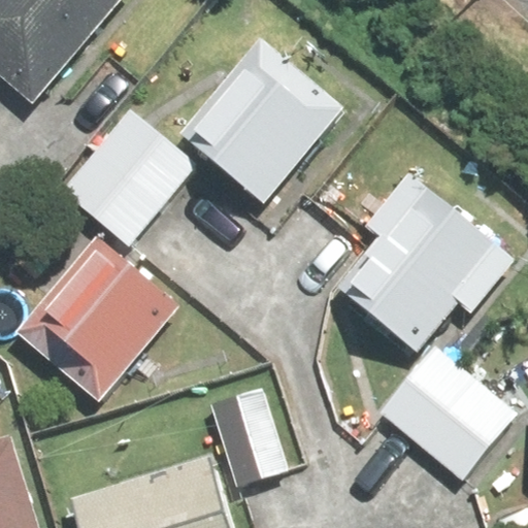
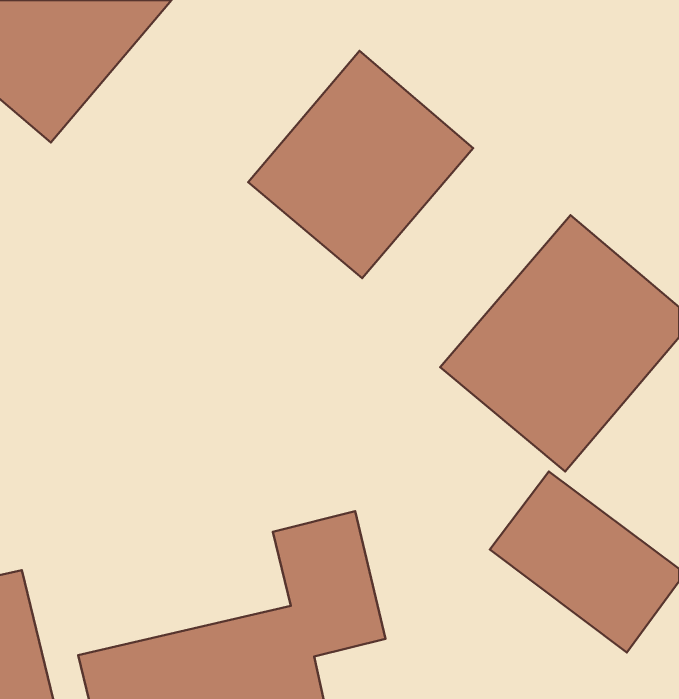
building: [59,108,194,242] -> none
building: [31,237,180,389] -> none

